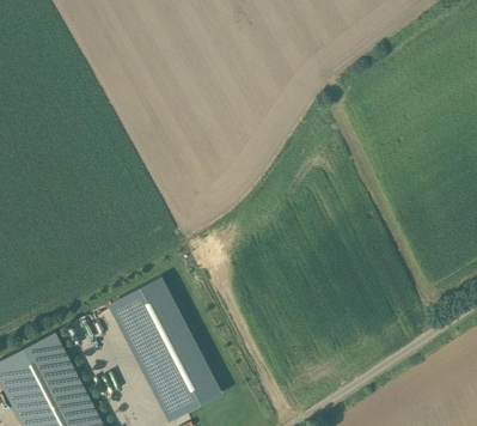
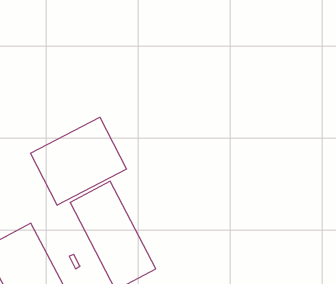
building: none -> [31,117,127,205]

